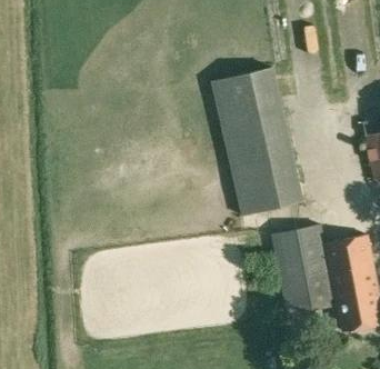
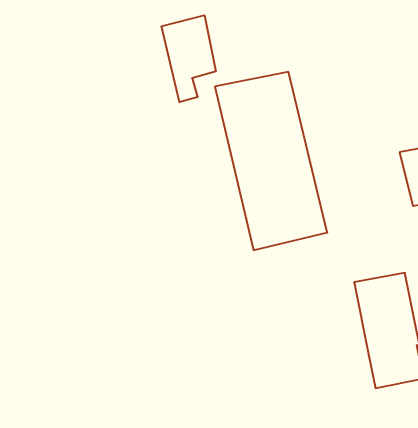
building: none -> [162,15,216,102]
building: [272,225,338,313] -> none

